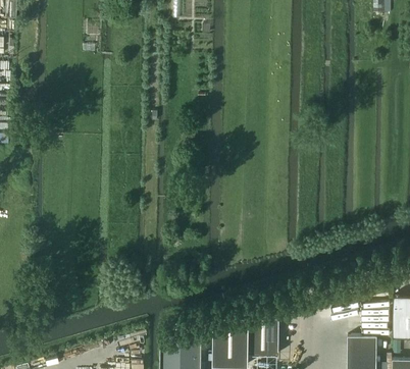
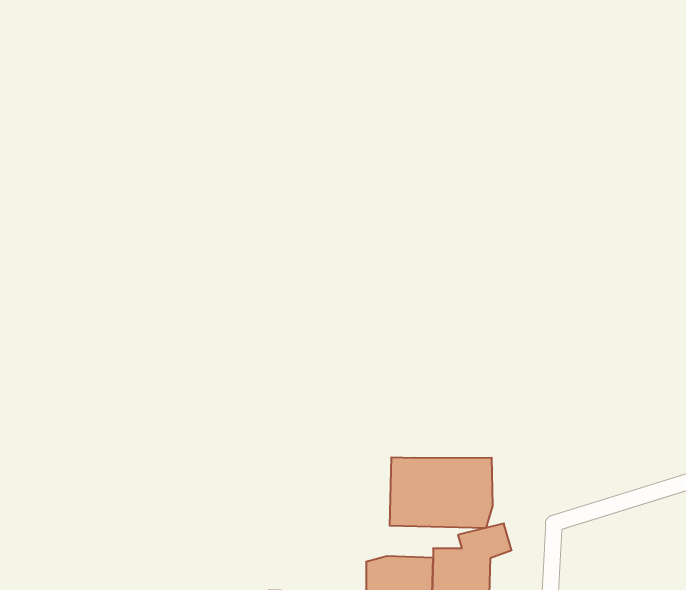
building: none -> [390,457,493,528]

